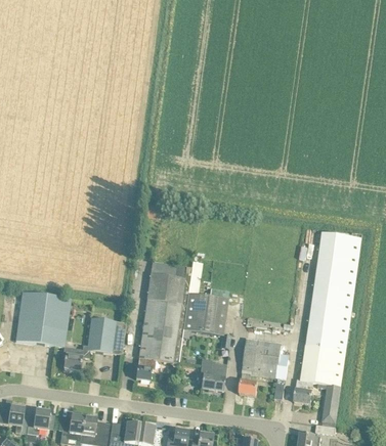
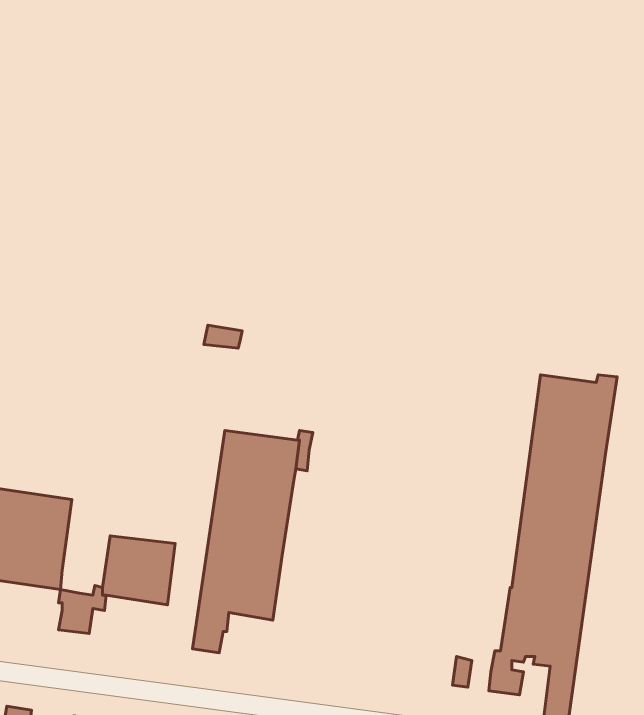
building: [183,287,227,333] -> none
building: [239,338,289,395] -> none
building: [200,361,227,390] -> none

